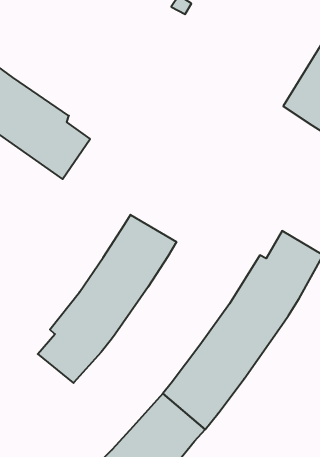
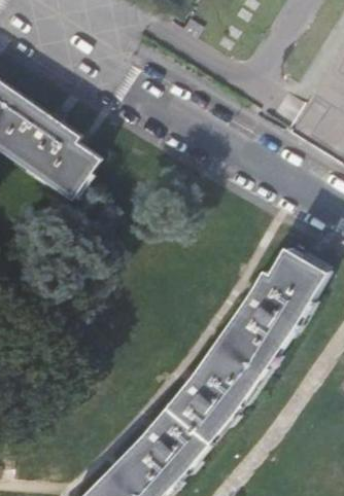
building: [38,215,176,383] -> none

